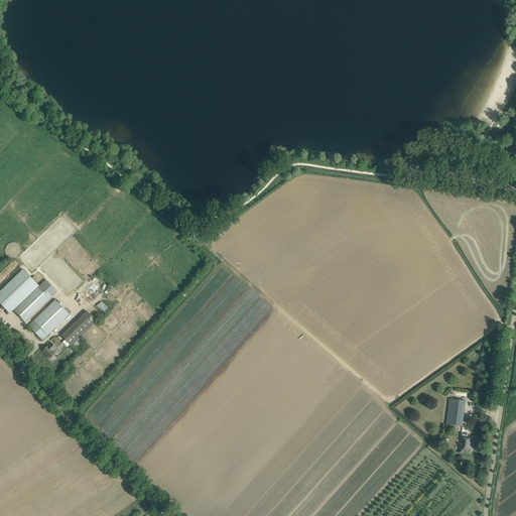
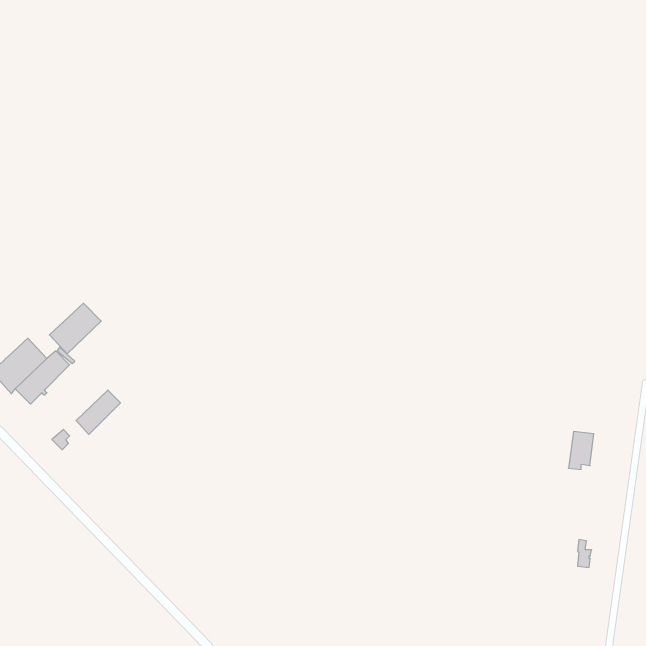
building: [27,299,69,340] -> [49,303,101,354]
building: [444,398,465,428] -> [568,431,594,469]

